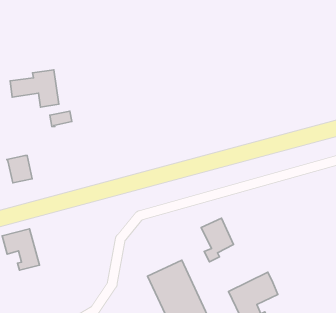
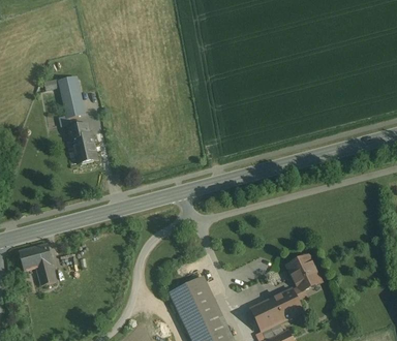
building: [7,156,32,183] -> [73,133,99,161]
building: [201,218,234,262] -> [289,253,323,298]

